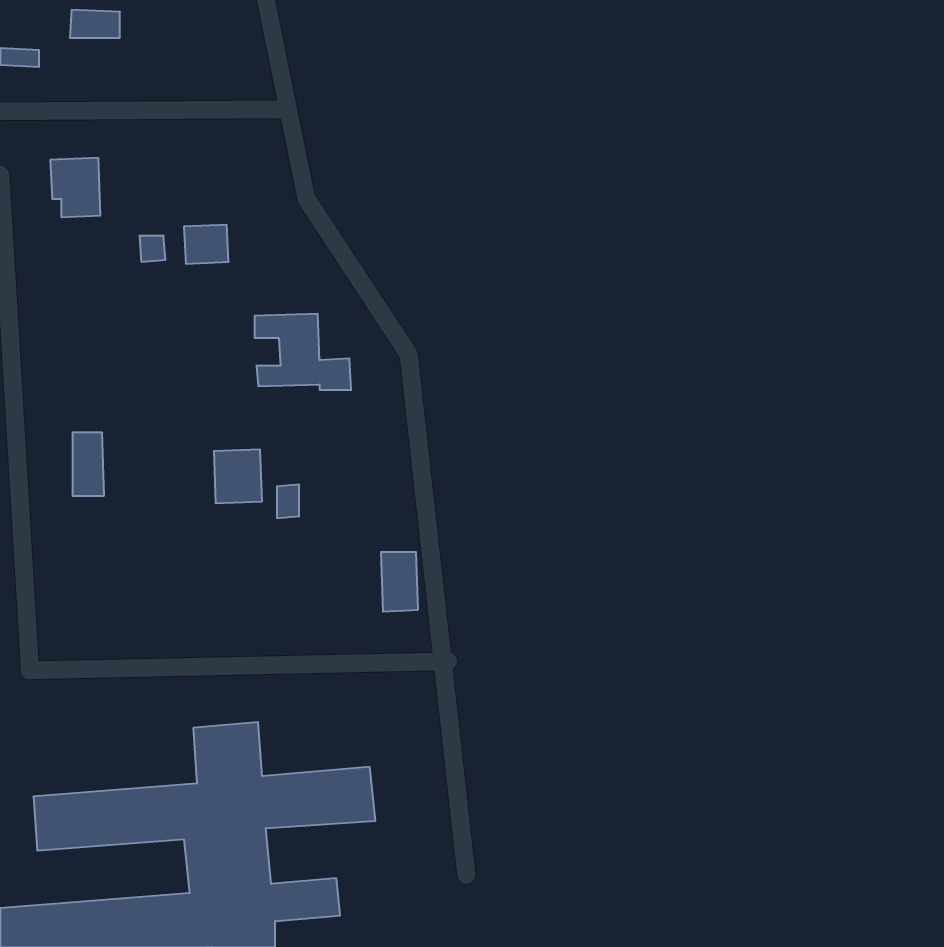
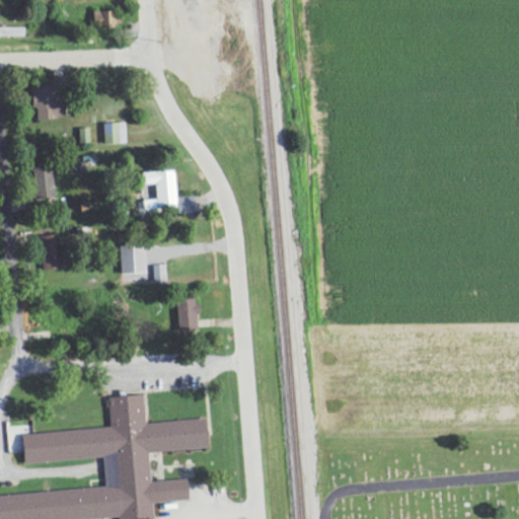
building: [70,10,120,38] -> [92,10,120,25]
building: none -> [32,166,55,199]
building: [381,552,418,612] -> [177,298,198,330]

